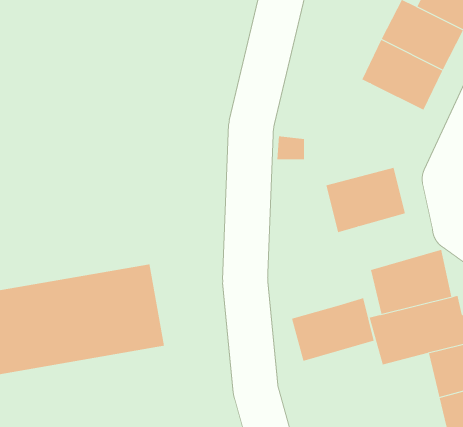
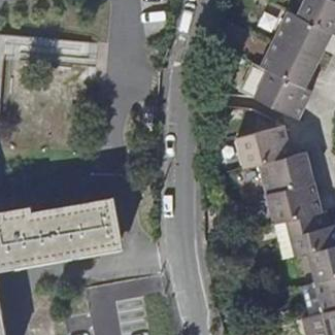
building: none -> [253,70,306,116]
building: [291,298,374,362] -> [258,155,315,199]

